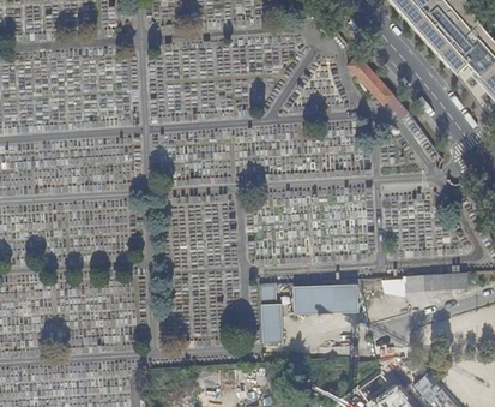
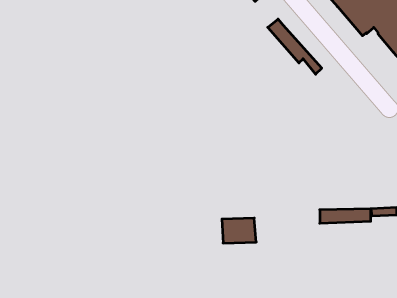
building: [258,283,282,343] -> none
building: [330,283,357,312] -> none

